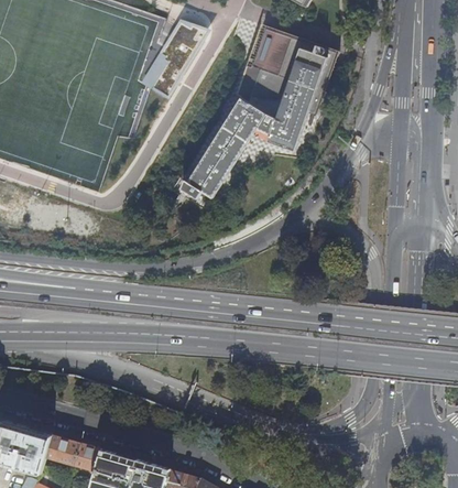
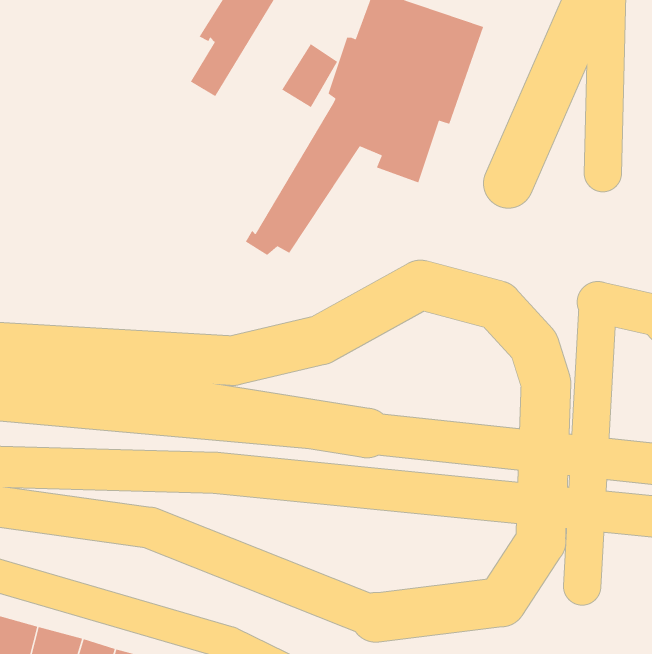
building: none -> [281,43,338,108]

